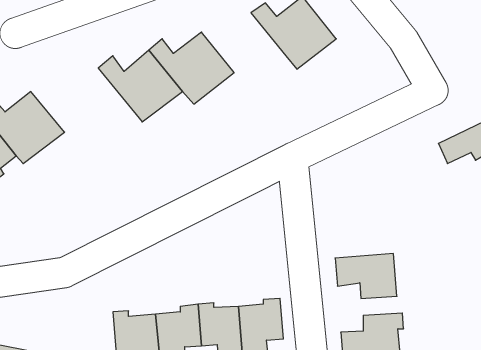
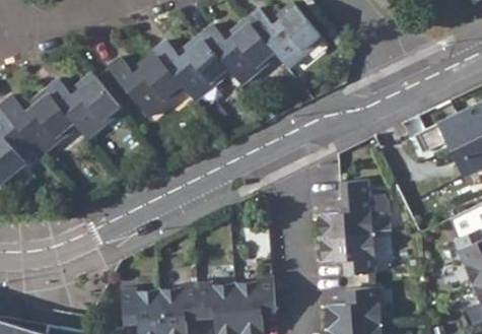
building: none -> [200,17,276,84]
building: none -> [46,73,122,138]
building: none -> [319,182,393,239]

